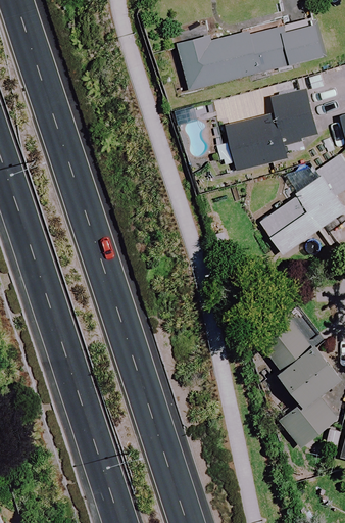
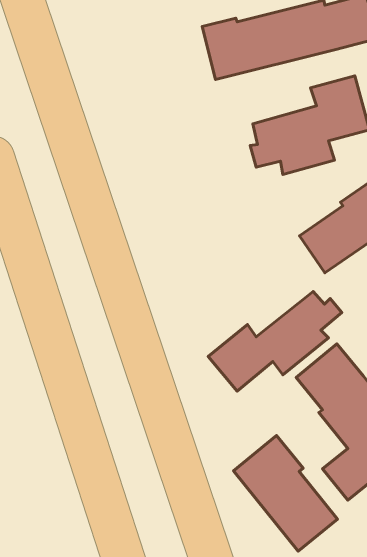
building: none -> [208,291,342,391]
building: none -> [234,436,337,551]

